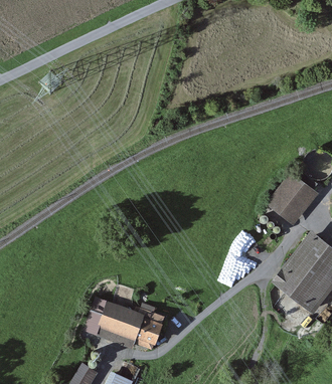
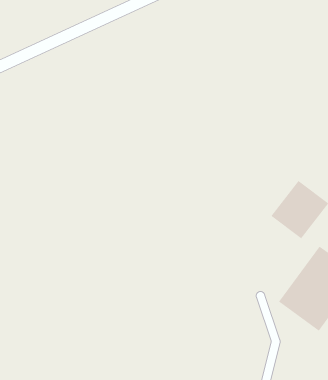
building: [88,300,160,350] -> none

